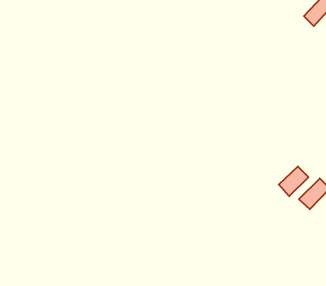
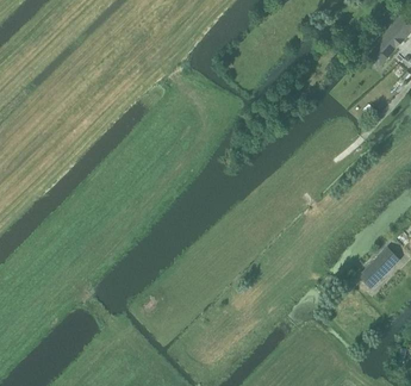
building: [279,166,308,196] -> none

